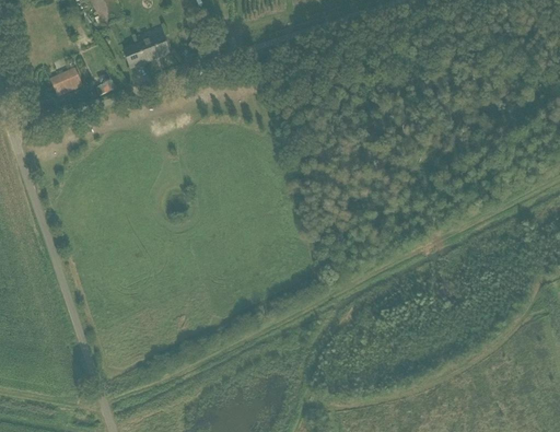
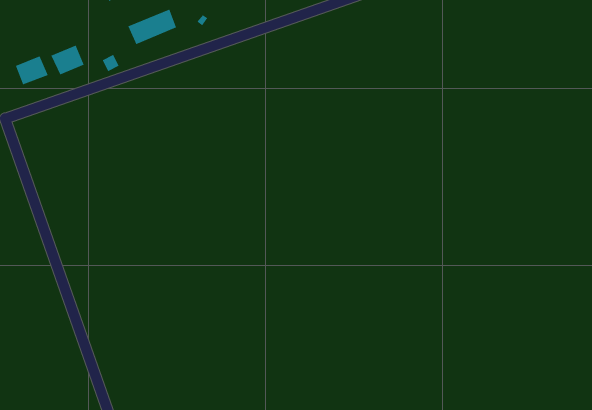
building: none -> [15,55,48,85]

